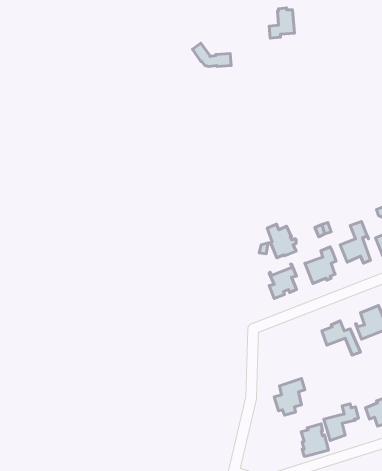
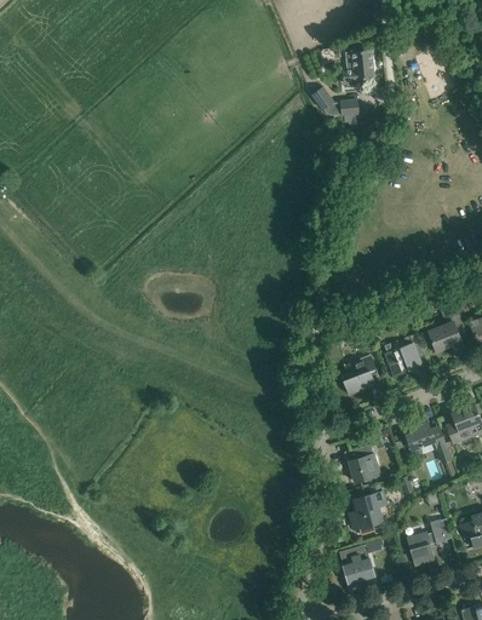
building: [193,43,231,67] -> [312,87,358,115]
building: [267,224,296,258] -> none
building: none -> [348,444,379,482]
building: [301,424,328,456] -> [342,544,374,582]

